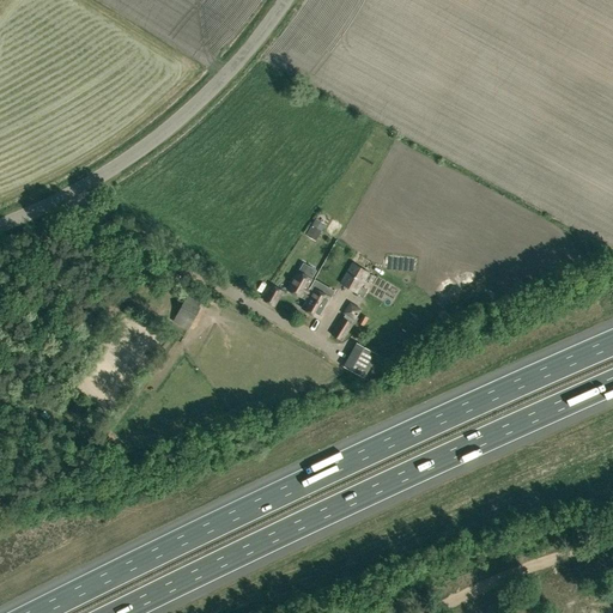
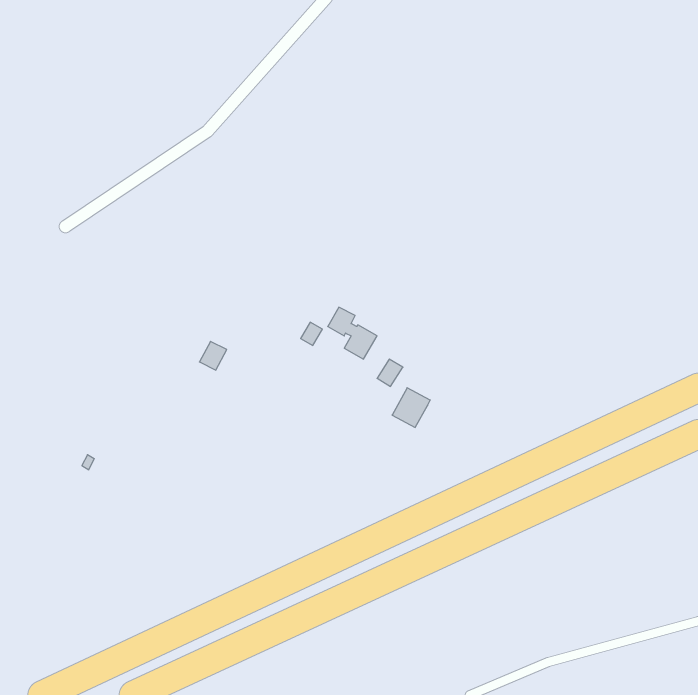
building: [340,260,369,295] -> none

